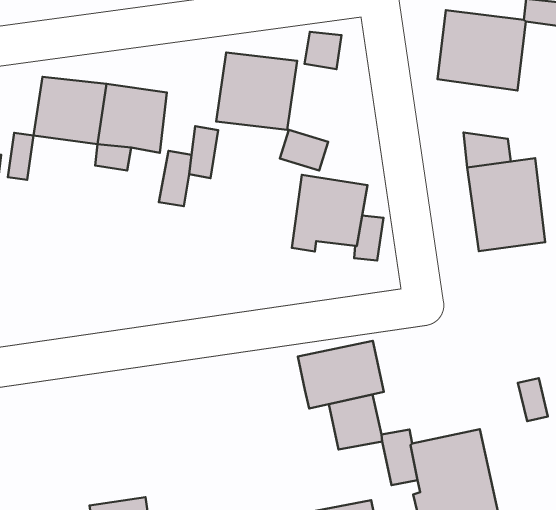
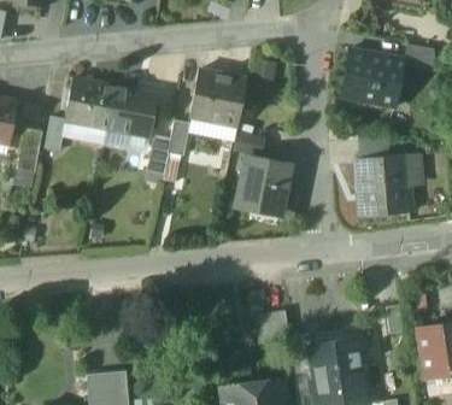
building: [298,341,384,409] -> none

